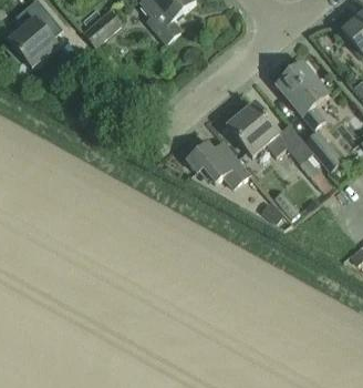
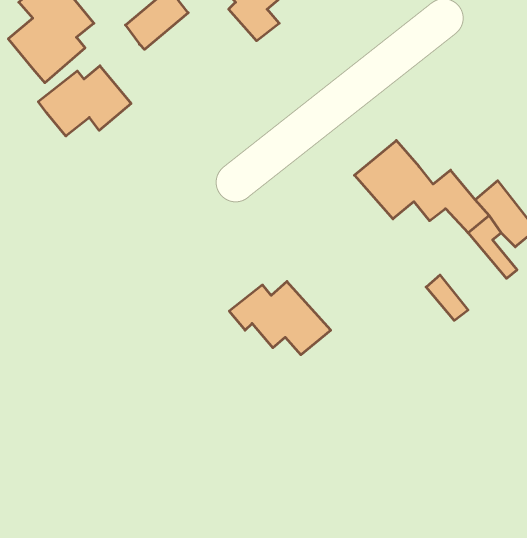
building: none -> [38,66,131,136]
building: [277,62,329,129] -> none
building: [186,140,250,186] -> [229,281,331,355]

